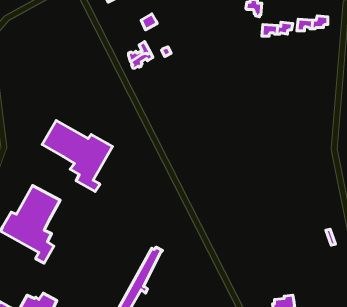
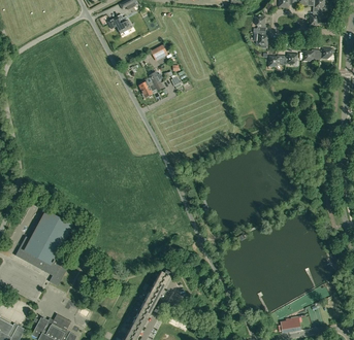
building: [42,120,112,192] -> none

